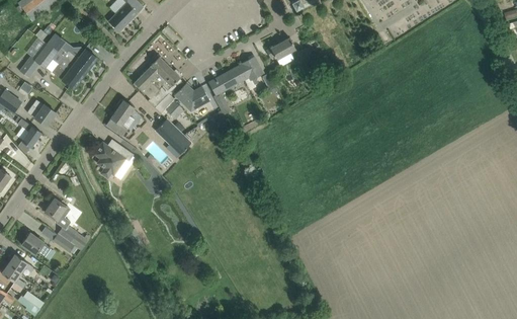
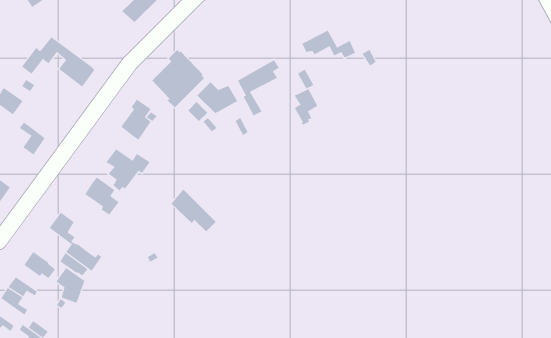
building: [47,32,97,73] -> none
building: [242,57,263,89] -> [294,88,318,125]
building: [27,98,57,126] -> none
building: [156,118,196,157] -> [170,188,217,232]
building: none -> [85,176,119,216]
building: none -> [56,267,85,304]

